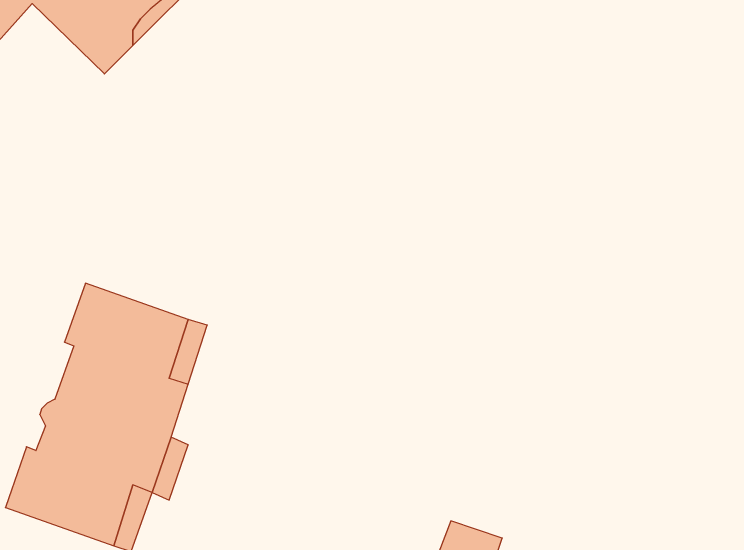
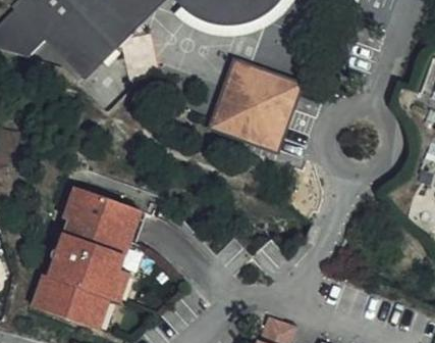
building: none -> [210,61,298,149]

